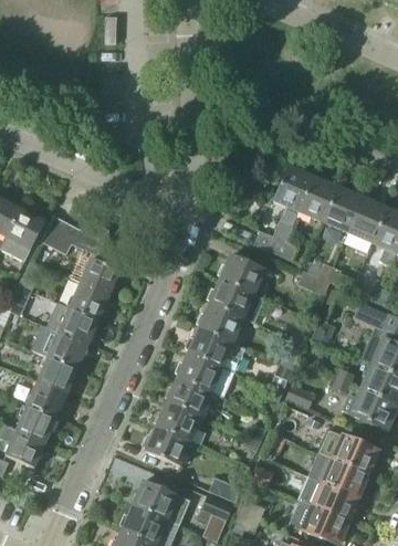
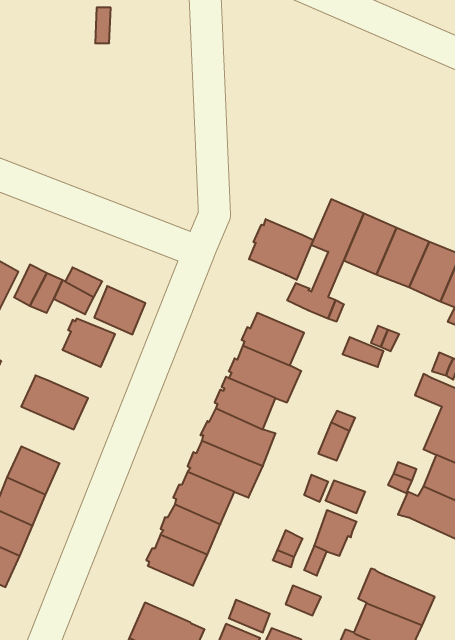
building: none -> [249,219,313,280]
building: [69,282,108,319] -> [94,286,145,334]
building: [46,326,87,370] -> none
building: [322,430,378,474] -> none

